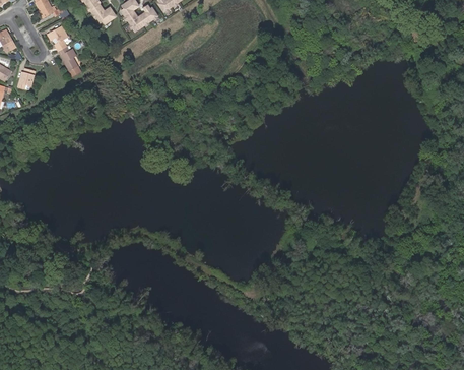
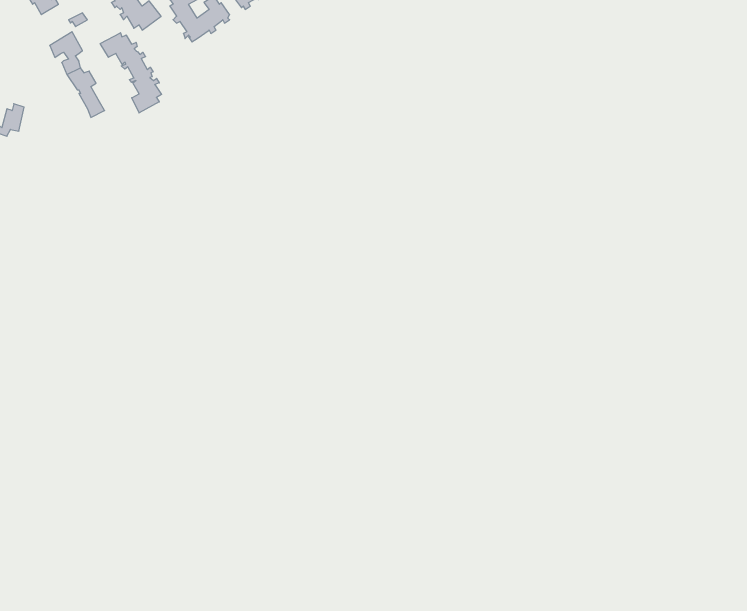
building: none -> [100,33,162,113]

